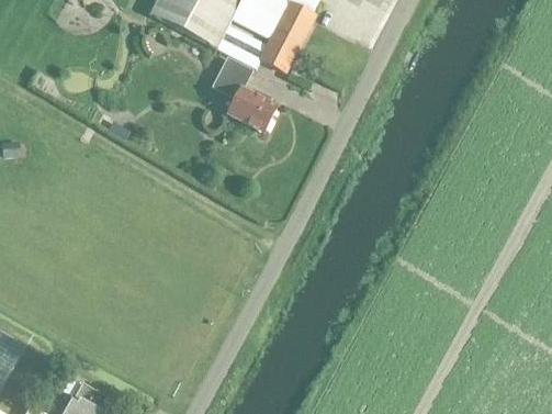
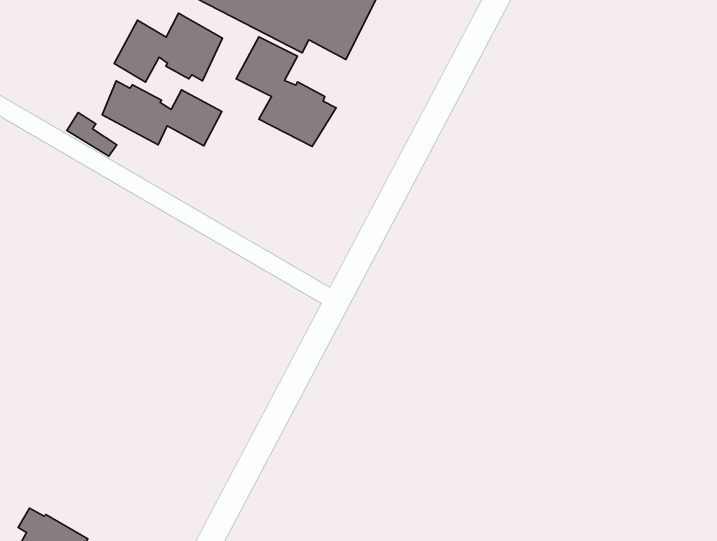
building: none -> [114,13,223,82]
building: none -> [102,81,222,146]

